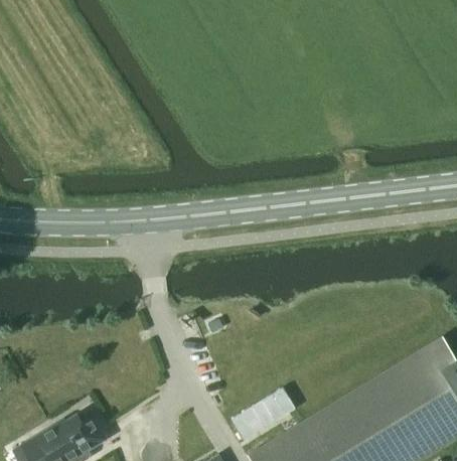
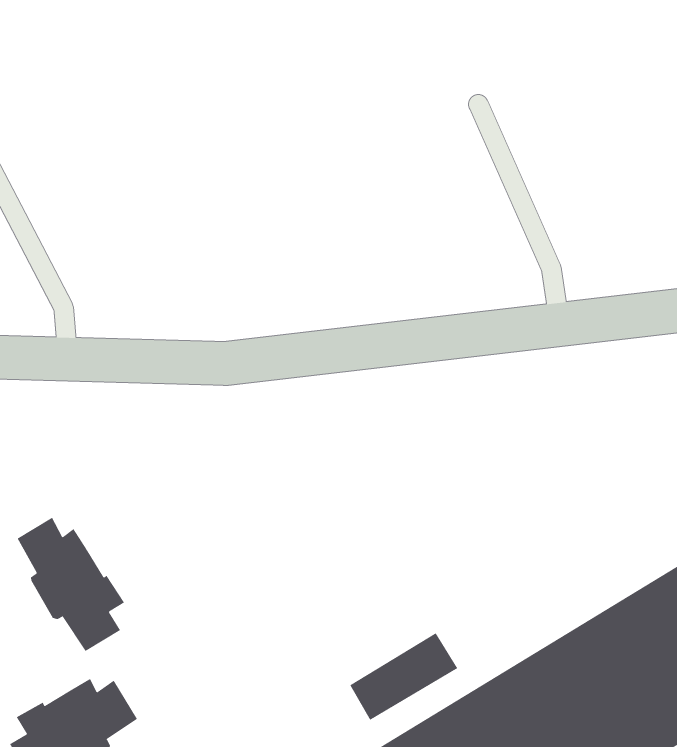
building: none -> [17,517,125,652]

